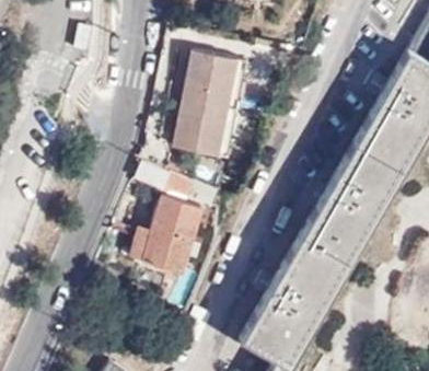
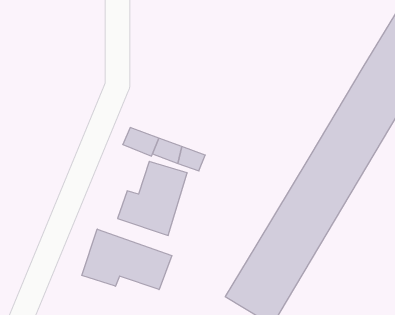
building: [172,51,244,159] -> none
building: none -> [82,229,172,290]

